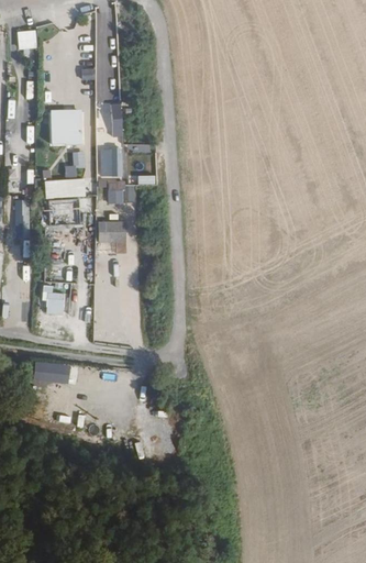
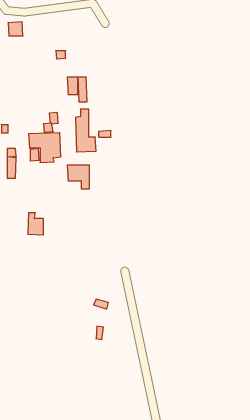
building: [51,109,84,147] -> none
building: [34,363,69,382] -> none

